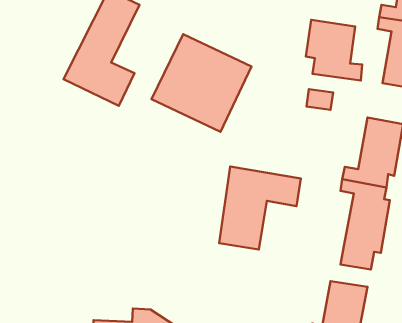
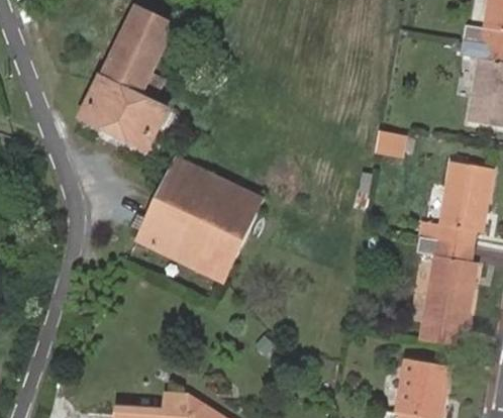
building: [306,20,362,80] -> none
building: [151,34,252,132] -> [138,161,260,279]
building: [219,167,301,250] -> none

